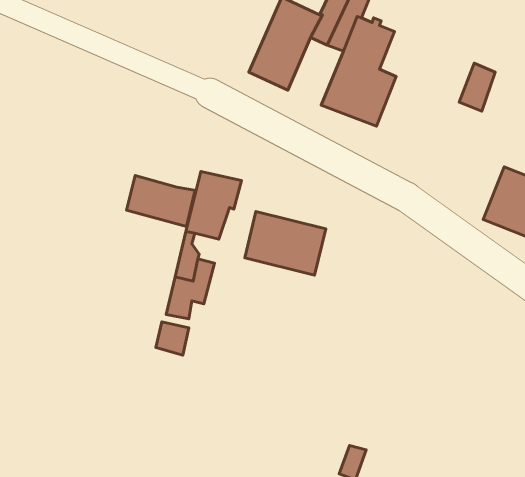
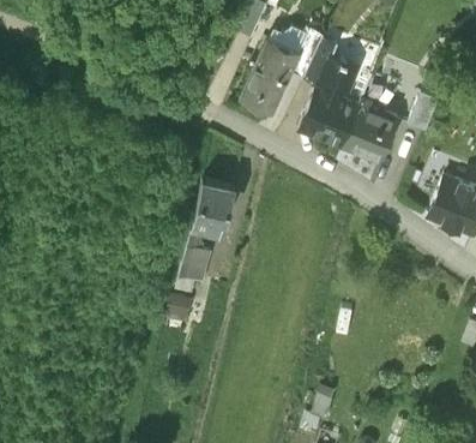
building: none -> [343,103,396,158]
building: [127,175,196,227] -> none
building: [245,211,326,275] -> none

